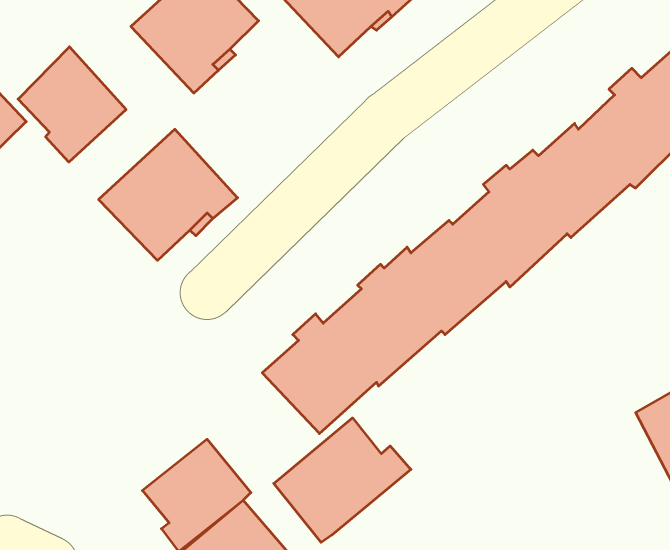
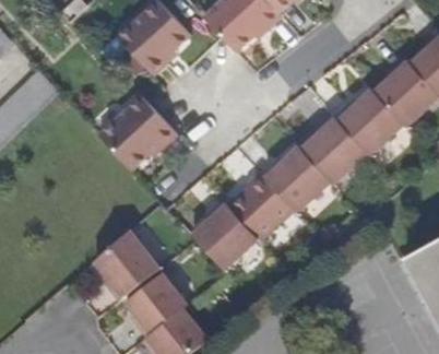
building: [18,47,126,162] -> none
building: none -> [93,232,156,300]
building: [274,418,411,542] -> none

